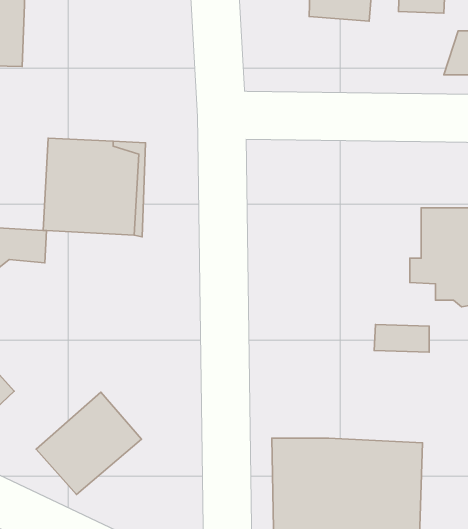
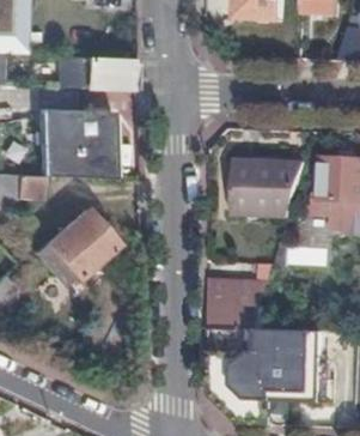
building: none -> [61,55,139,89]
building: none -> [234,161,307,217]
building: none -> [212,277,269,328]
building: [36,392,141,494] -> [38,210,116,285]

